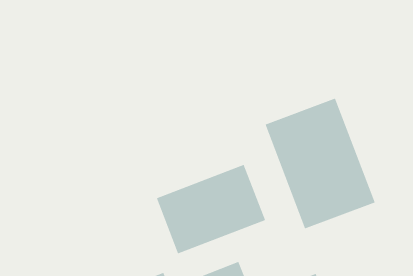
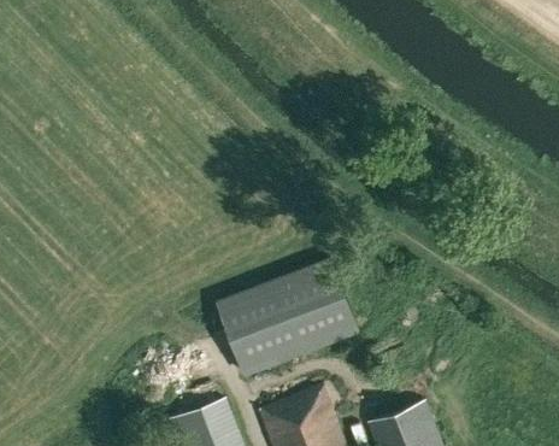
building: [264,98,376,230] -> none

